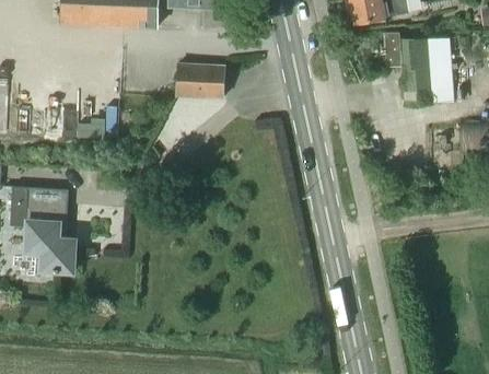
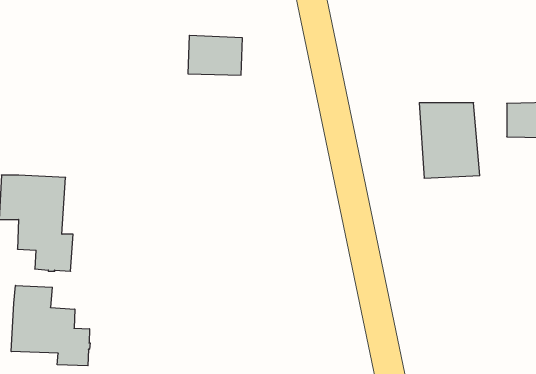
building: [399,38,453,105] -> [419,103,480,178]
building: none -> [11,285,90,366]

